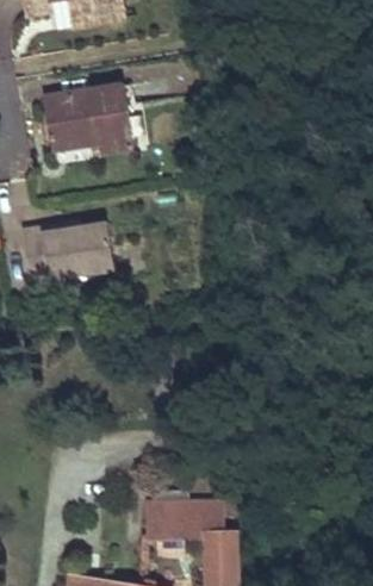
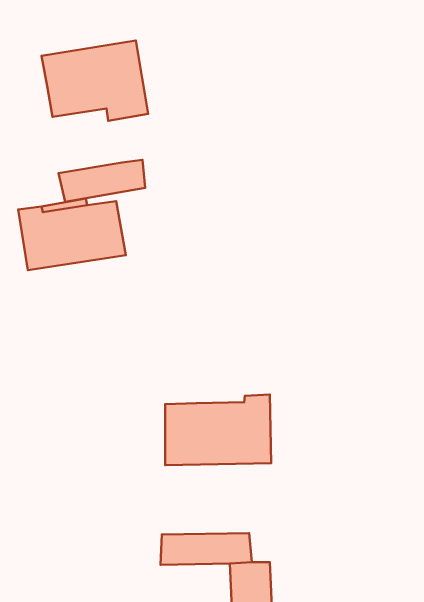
building: none -> [59,160,145,202]
building: none -> [165,394,271,465]

